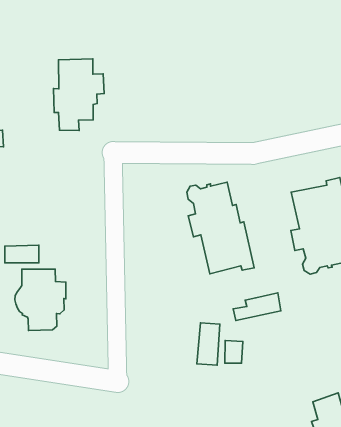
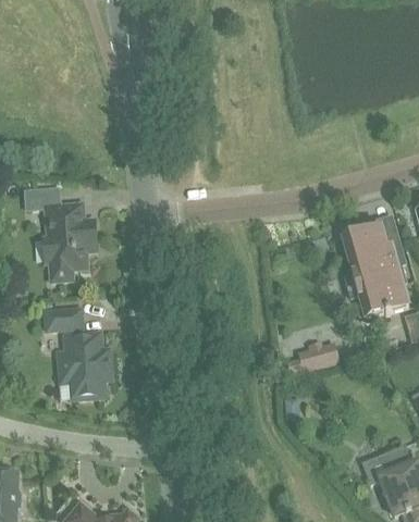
building: [54,59,104,130] -> [42,201,96,278]
building: [187,182,254,274] -> none
building: [197,323,220,365] -> none

